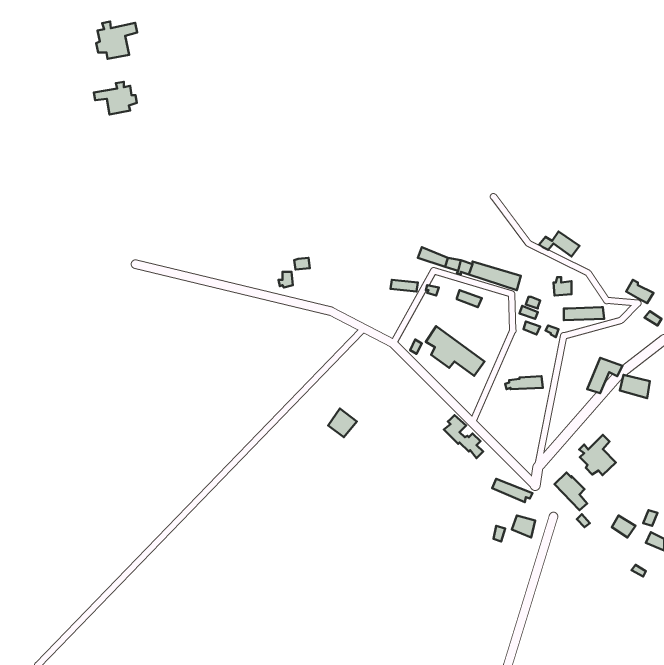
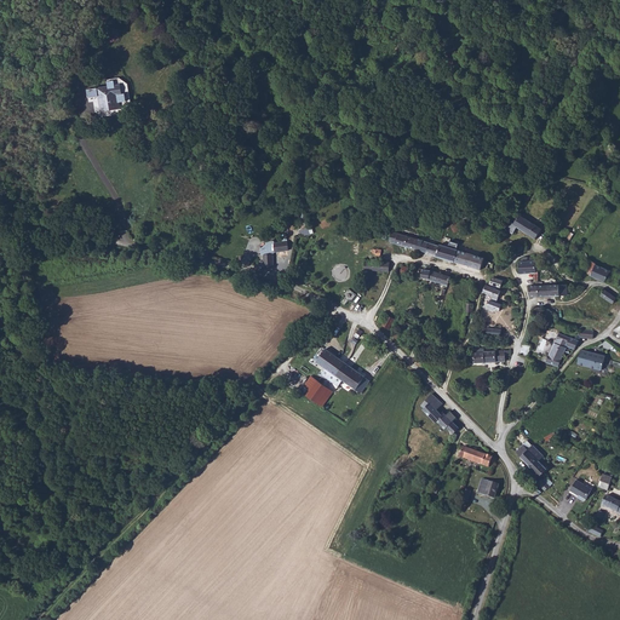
building: [96,21,137,59] -> none
building: [426,326,484,376] -> [315,348,369,394]
building: [579,435,616,475] -> none

